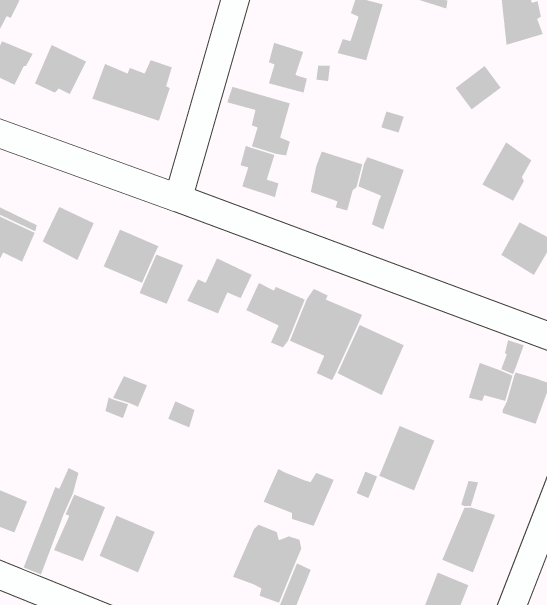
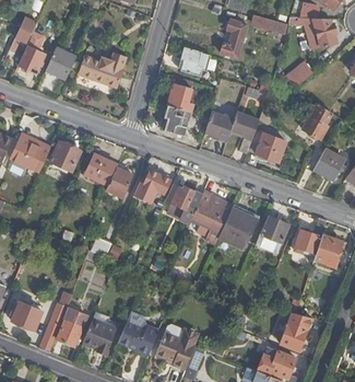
building: none -> [255,132,285,162]
building: [378,425,435,492] -> [256,215,288,253]
building: [263,468,335,527] -> [118,321,159,355]

